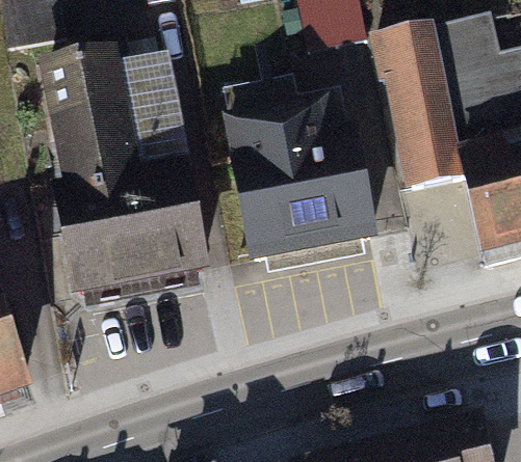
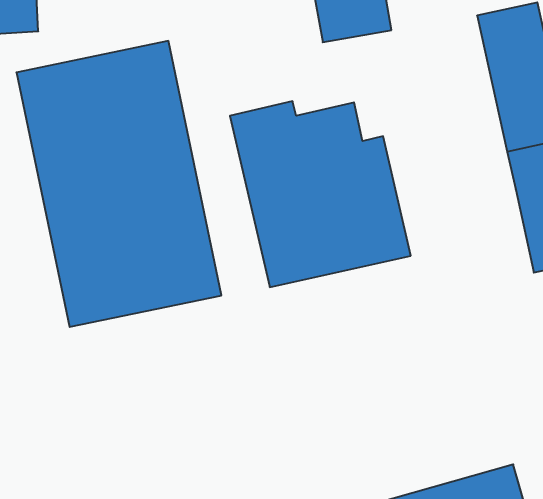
building: [376,27,469,190] -> none

